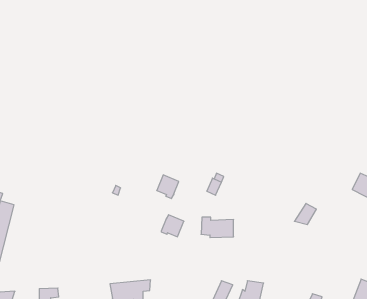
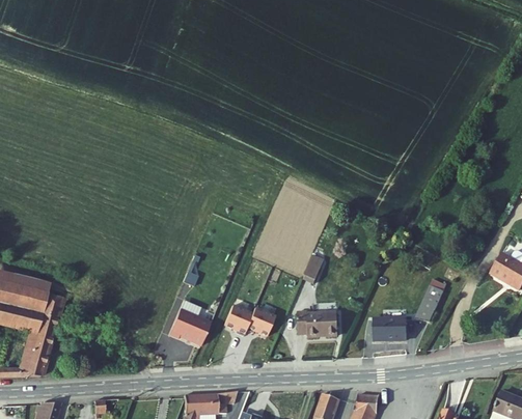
building: [157,175,179,199] -> [225,305,253,335]
building: none -> [170,308,212,344]
building: none -> [378,315,410,338]

